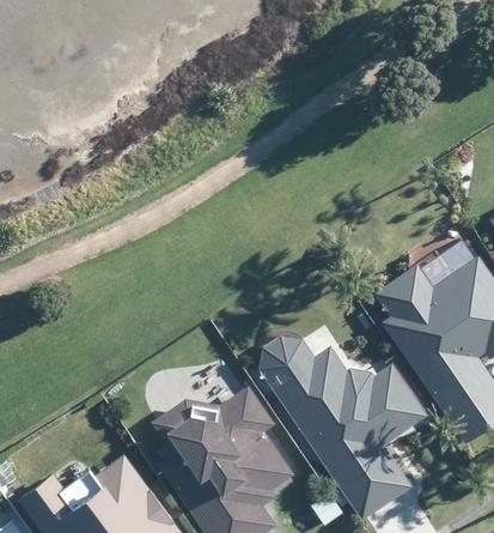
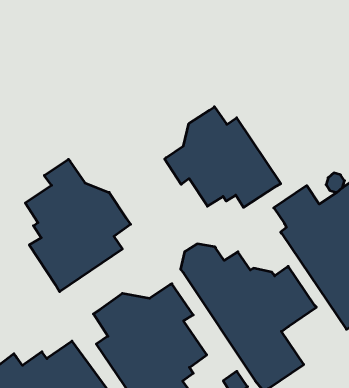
building: none -> [165,107,281,207]
building: none -> [25,159,131,292]

